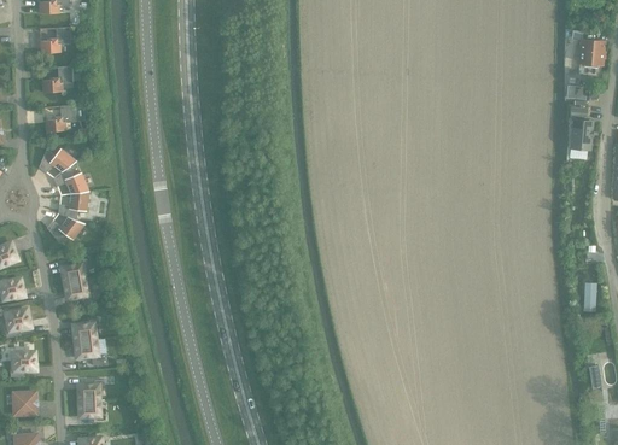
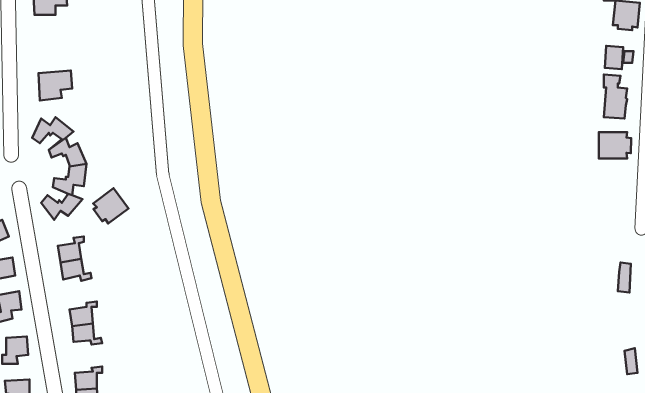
building: [39,65,70,92] -> none
building: none -> [599,132,631,159]
building: none -> [93,188,129,224]

